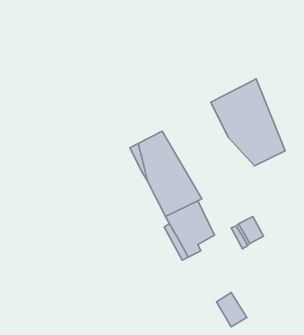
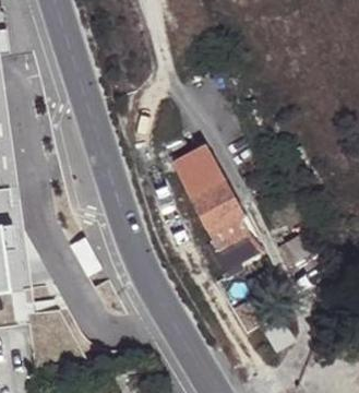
building: [211,79,285,166] -> none

